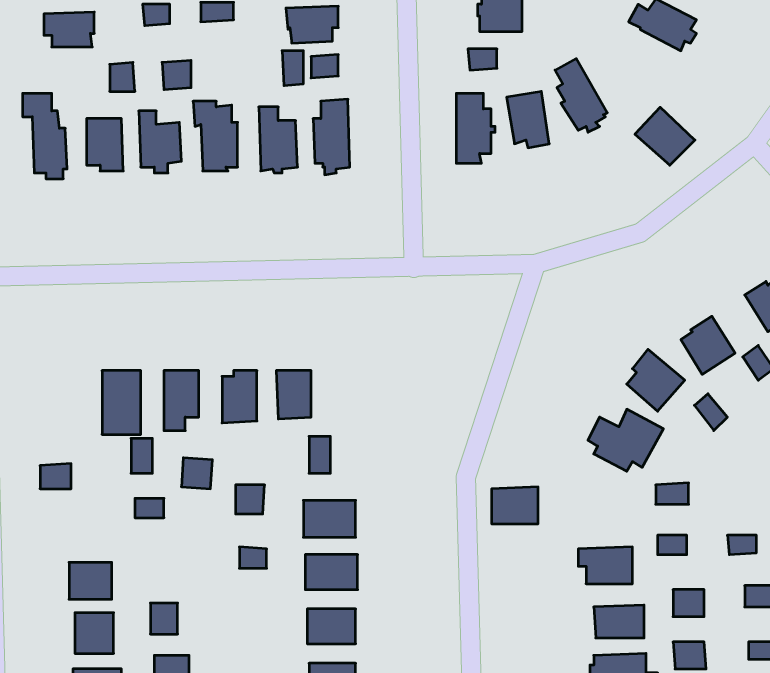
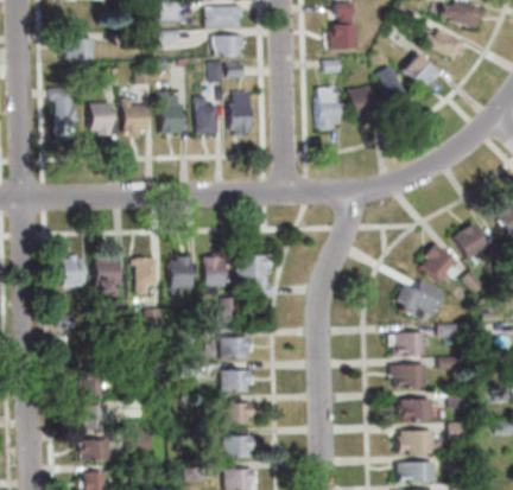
building: [635,107,695,165] -> [401,52,438,88]
building: none -> [65,254,86,287]
building: none -> [241,254,273,297]
building: [492,487,538,524] -> [394,332,423,355]

